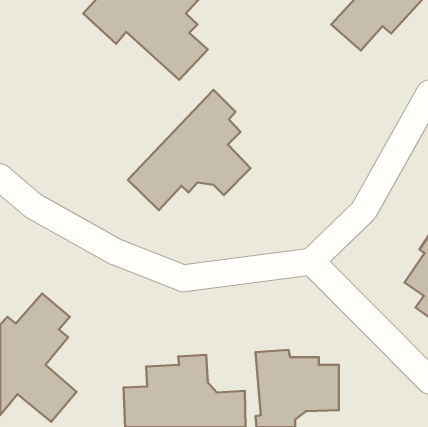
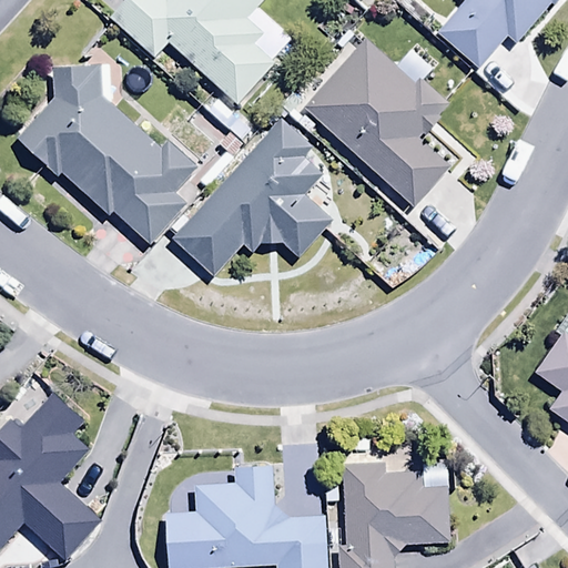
building: none -> [304,39,452,206]
building: none -> [18,64,193,244]

